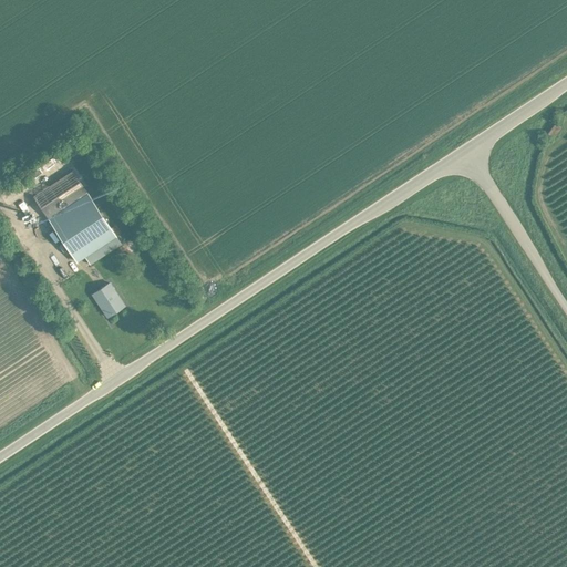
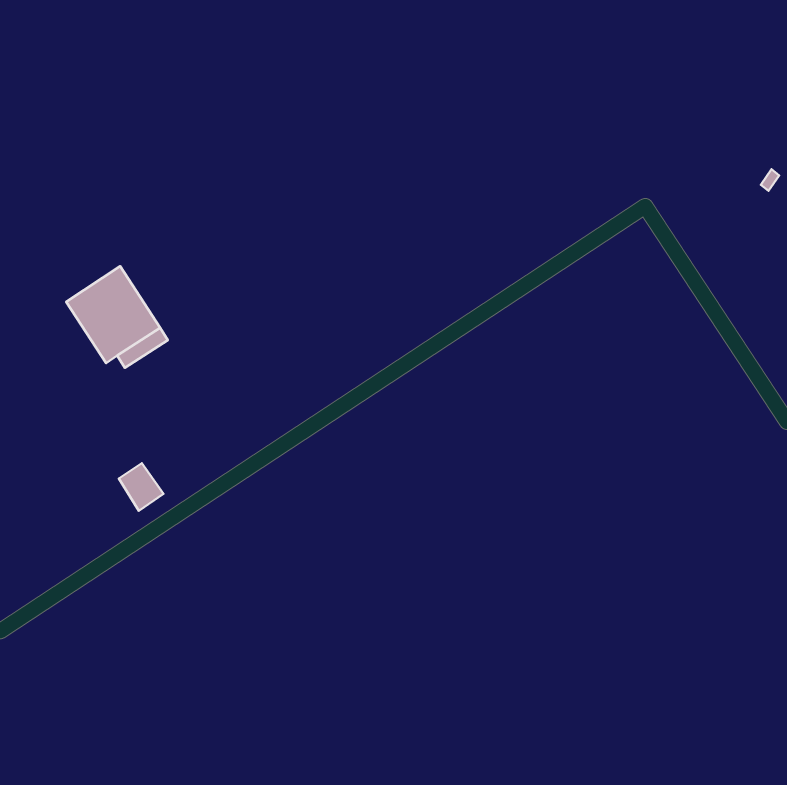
building: [33,169,86,217] -> none
building: [92,282,124,317] -> [119,463,163,511]

